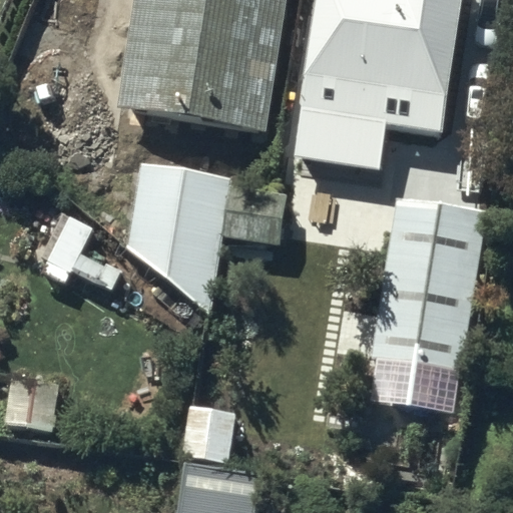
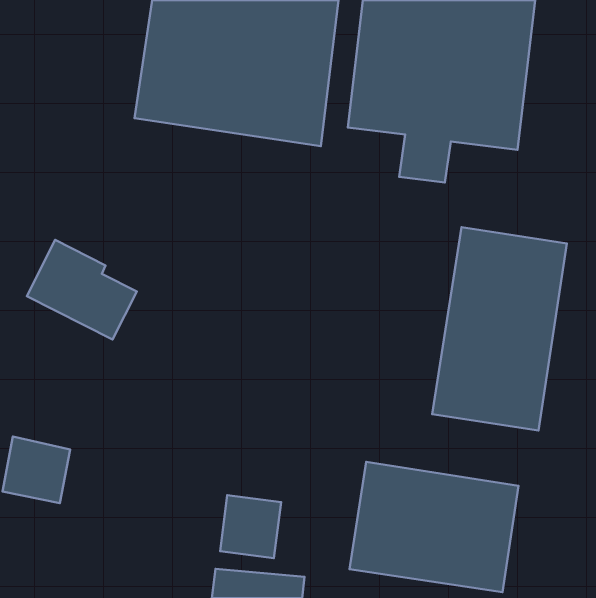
building: [129,180,282,331] -> none
building: none -> [350,462,519,592]

